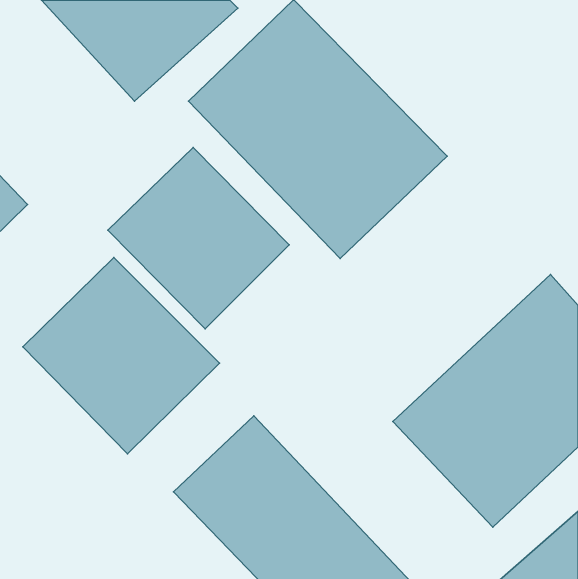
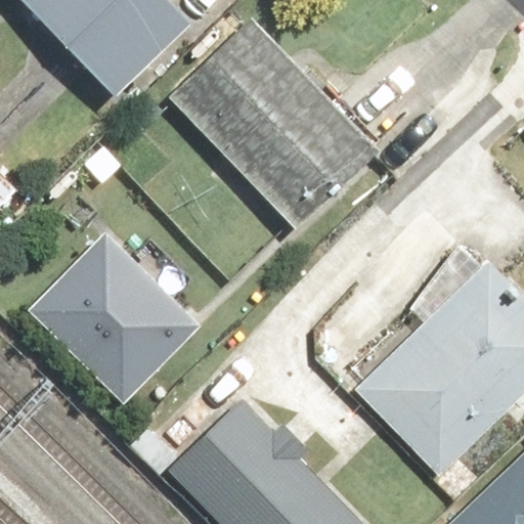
building: [108,148,289,329] -> none

